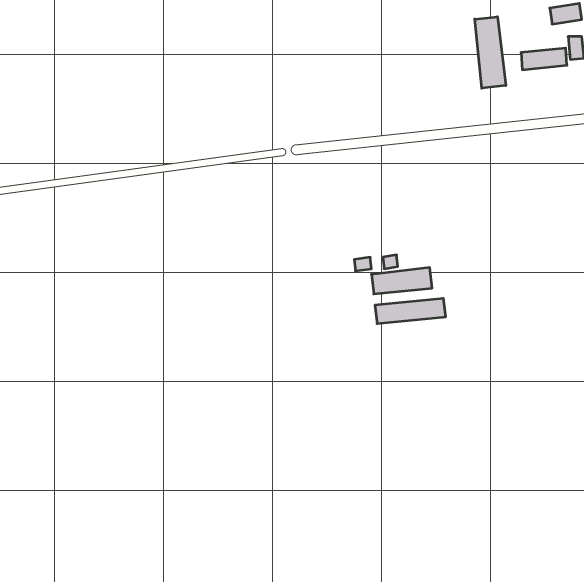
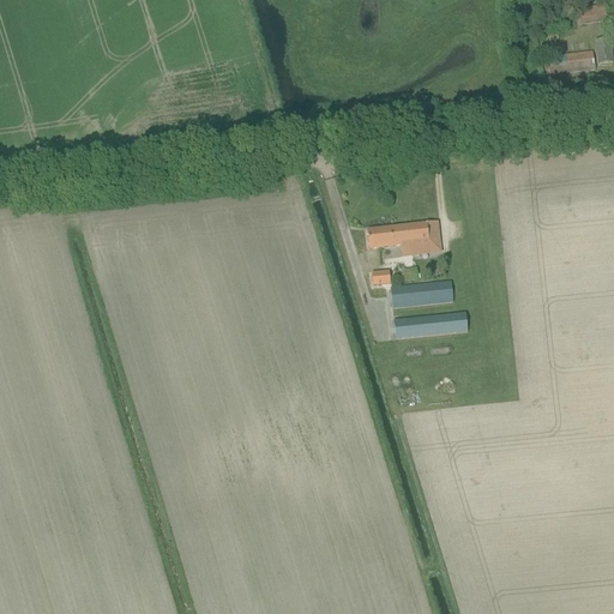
building: [475,17,506,88] -> none
building: none -> [367,222,440,255]

